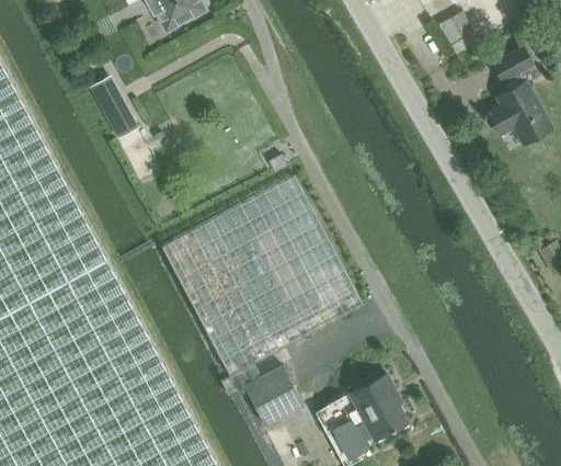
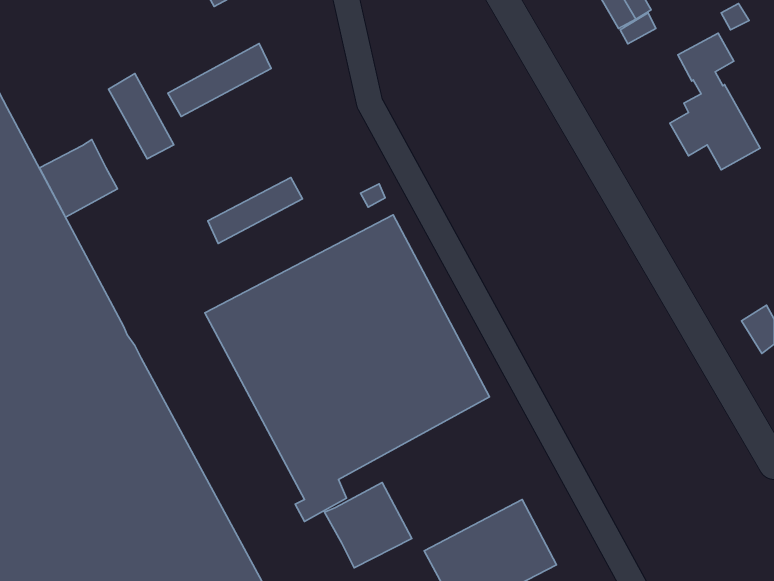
building: none -> [168,43,271,117]
building: none -> [40,140,118,217]
building: none -> [208,177,303,243]

